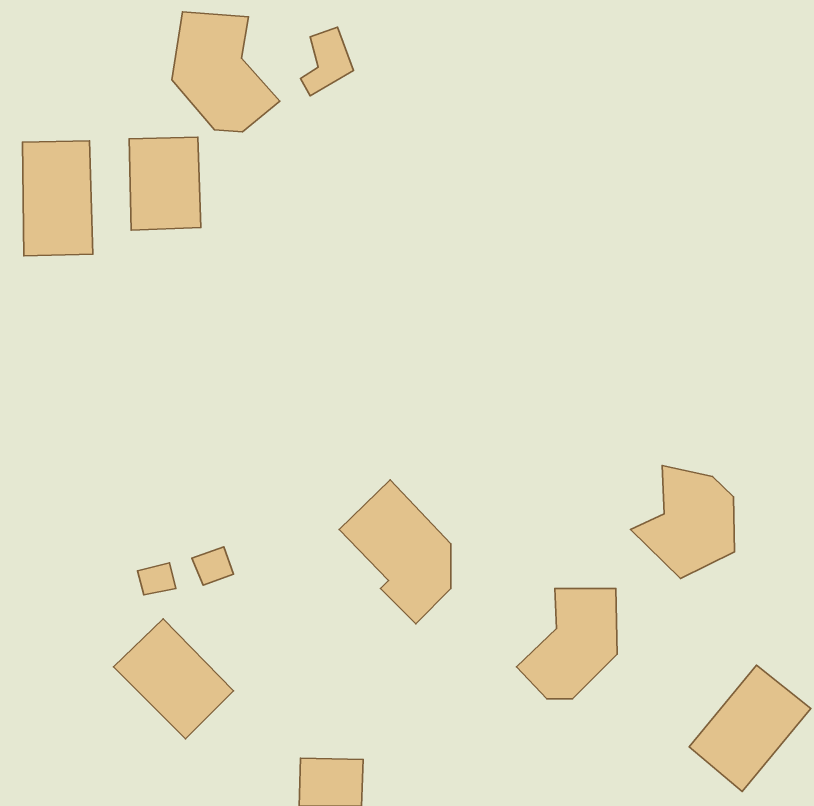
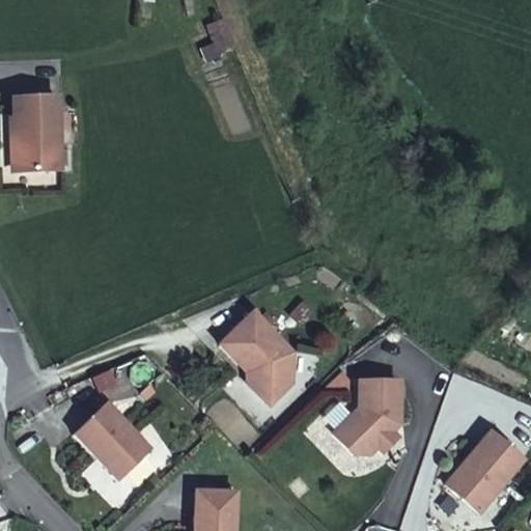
building: [172,12,280,132] -> none
building: [129,137,201,230] -> none
building: [631,466,734,578] -> none

